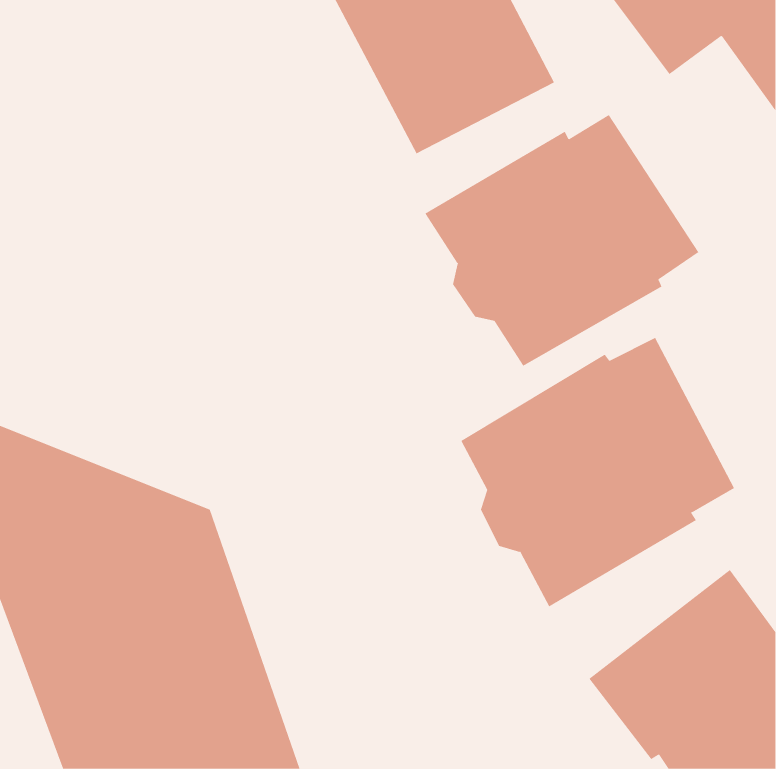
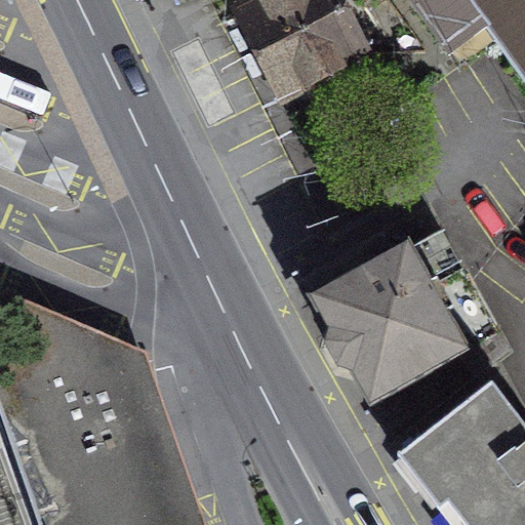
building: [424,114,699,367] -> none

